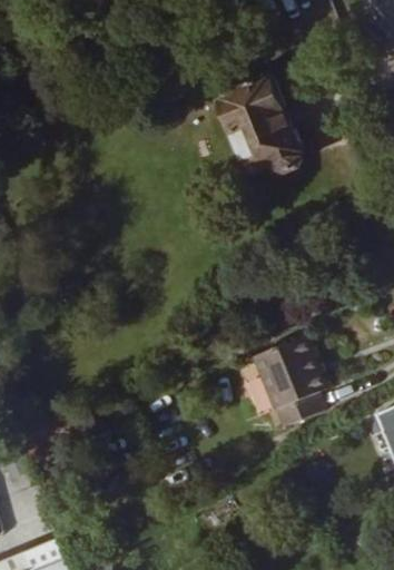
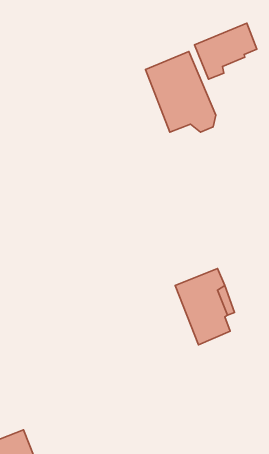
building: none -> [195,23,257,79]

